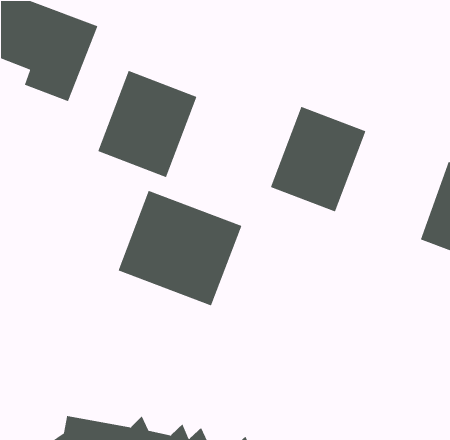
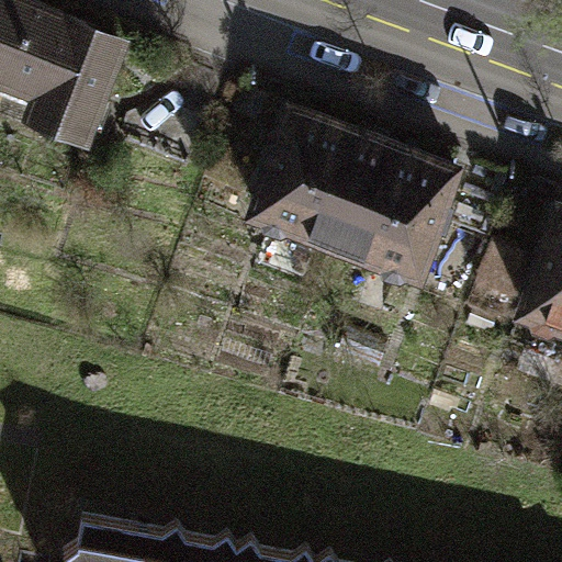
building: [97,70,198,178] -> [252,115,376,249]
building: [117,190,242,307] -> none

